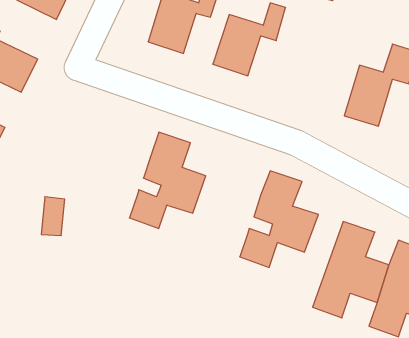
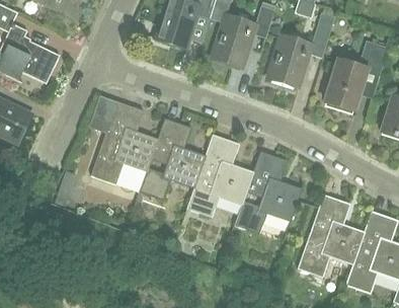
building: none -> [266,13,334,88]
building: none -> [90,94,157,184]
building: none -> [186,135,252,218]

